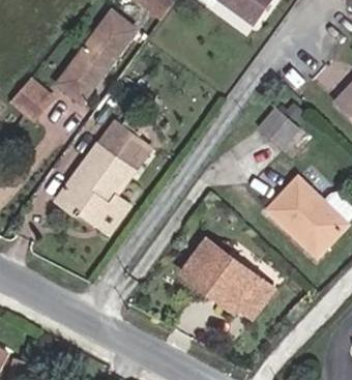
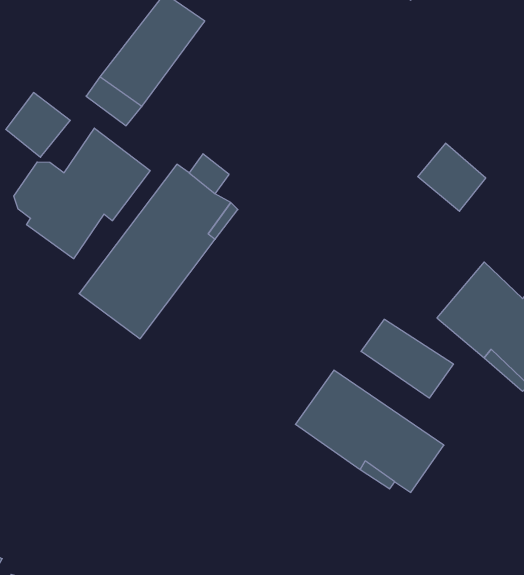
building: none -> [14,128,150,259]
building: none -> [361,319,453,398]

